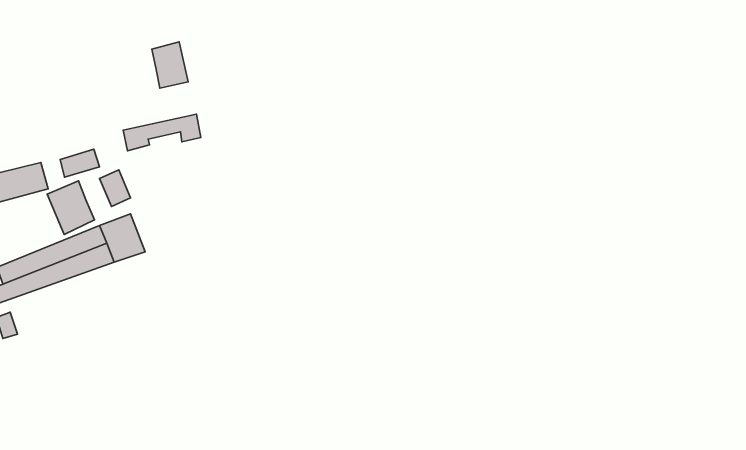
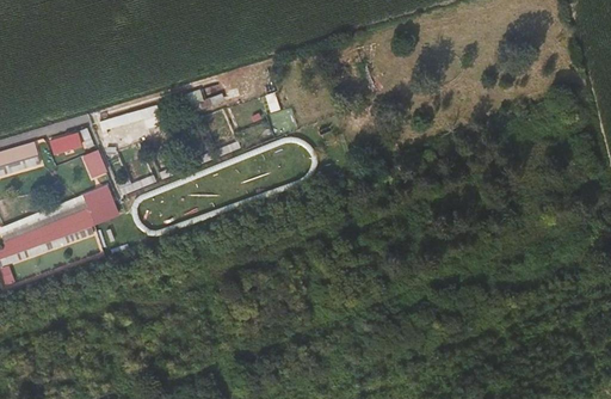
building: [152,42,188,88] -> none
building: [47,181,94,234] -> none

